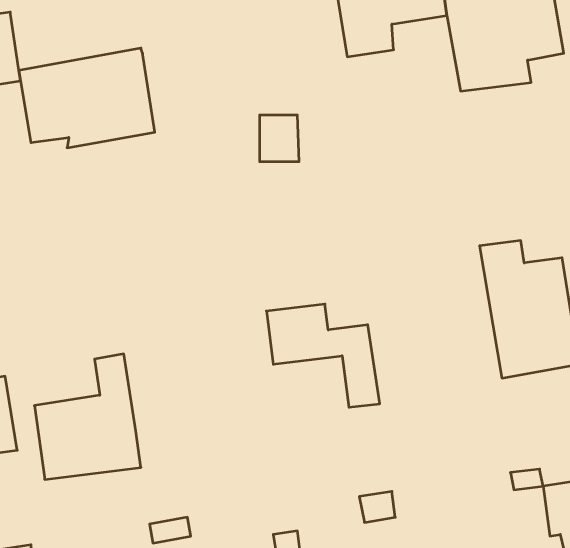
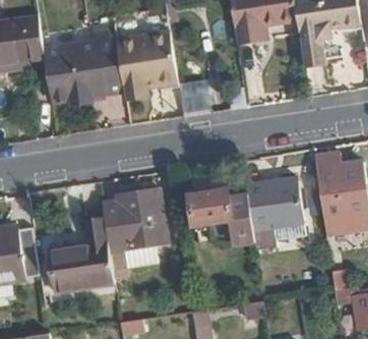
building: none -> [115,30,176,96]
building: none -> [246,175,304,247]
building: none -> [102,189,168,264]

